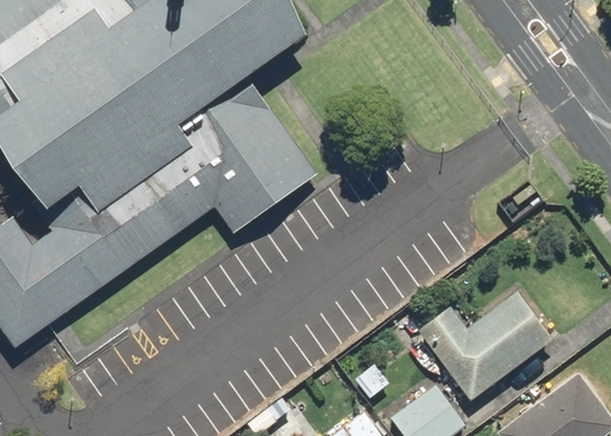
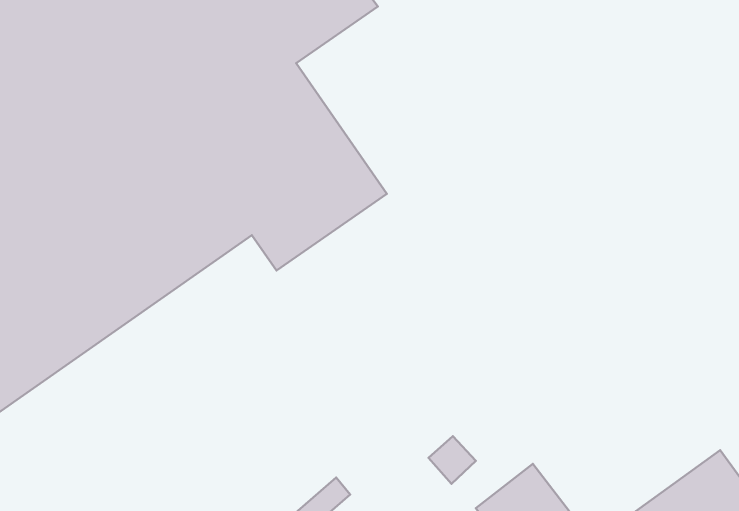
building: [415,291,551,403] -> none

